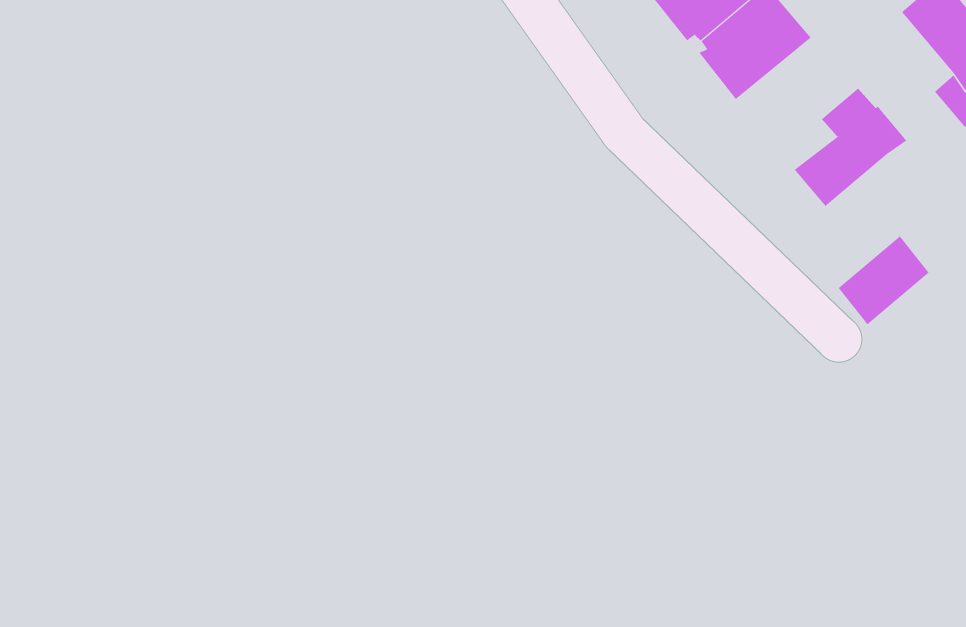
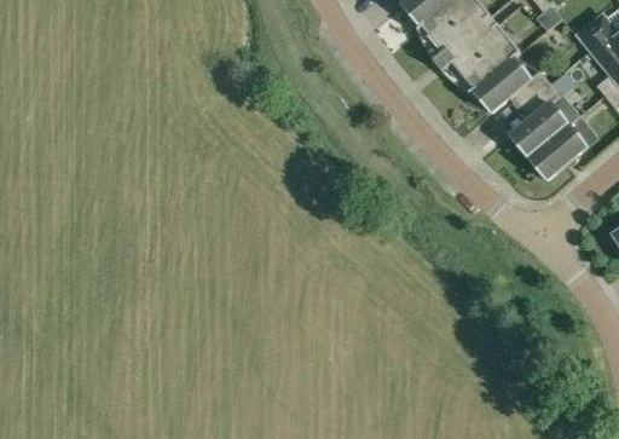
building: none -> [473,57,549,111]
building: [838,235,929,325] -> [528,123,585,179]

